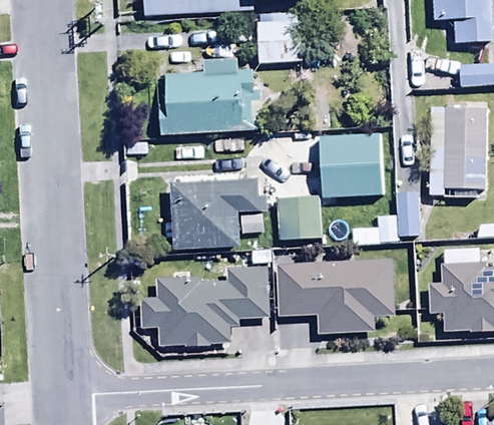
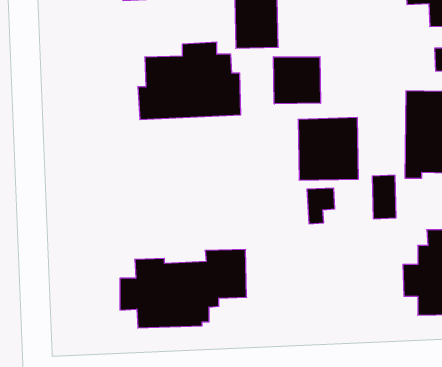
building: none -> [273,57,321,104]
building: [172,181,266,250] -> none
building: [276,194,320,240] -> none
building: [278,258,394,335] -> none

